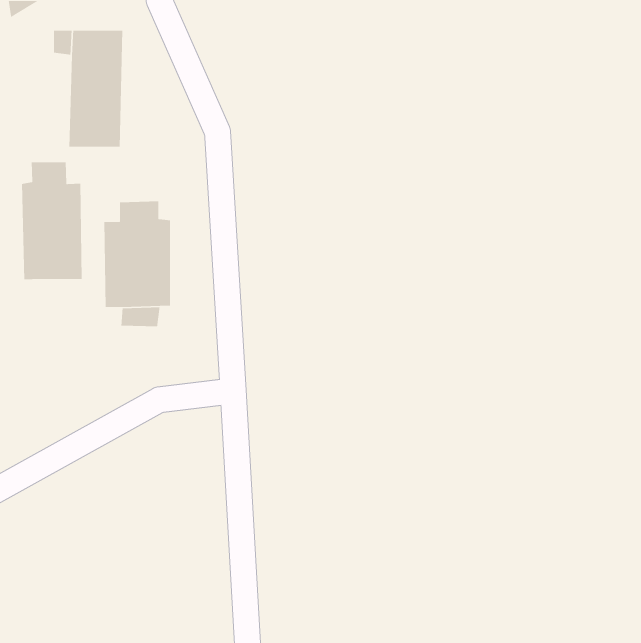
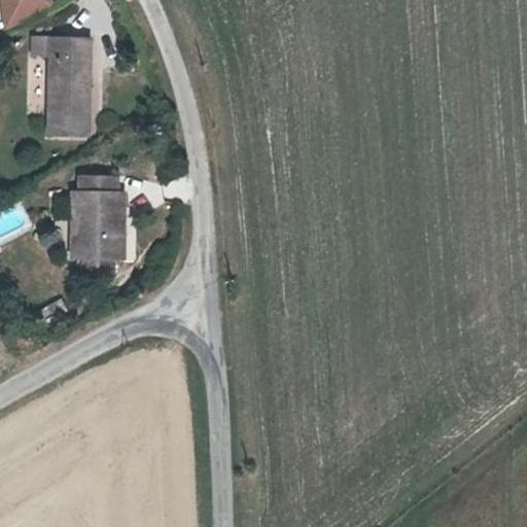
building: [21,161,82,280] -> none

